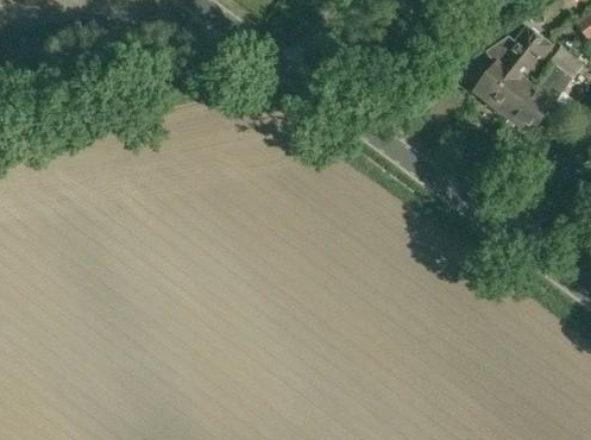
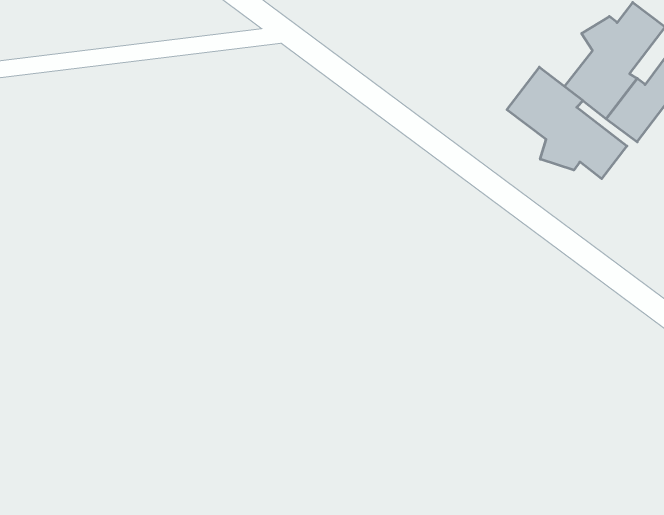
building: none -> [507,67,627,179]

